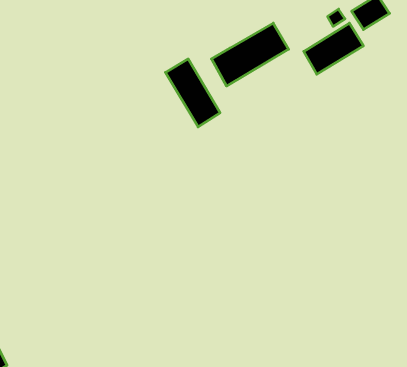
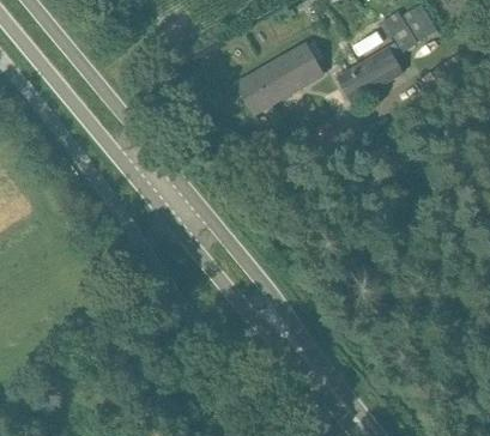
building: [165,59,220,127] -> none

